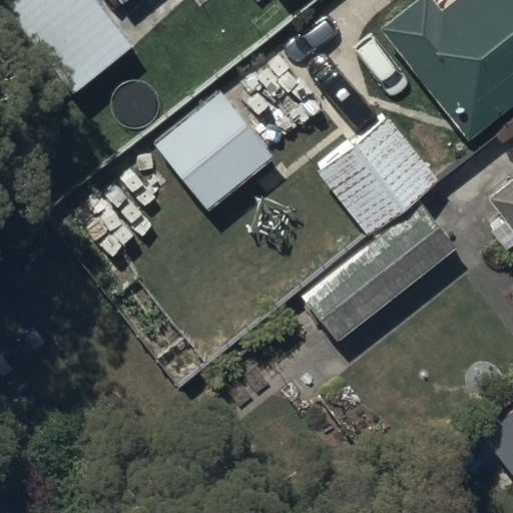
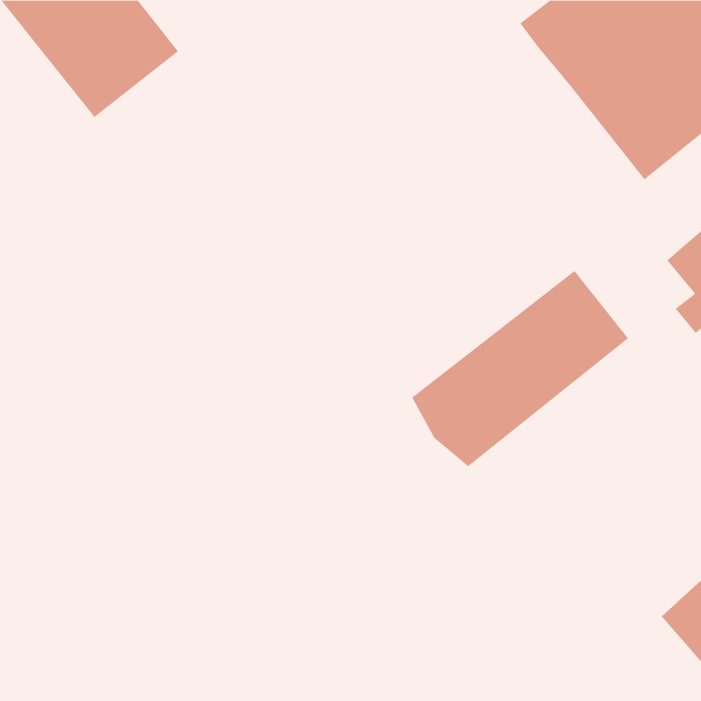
building: [130,91,272,217] -> none
building: [317,114,441,237] -> none

